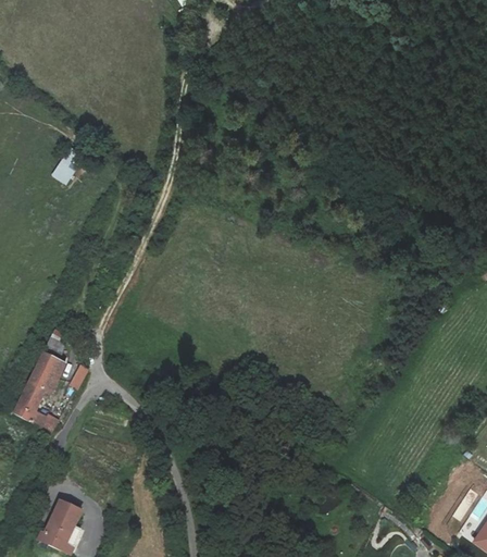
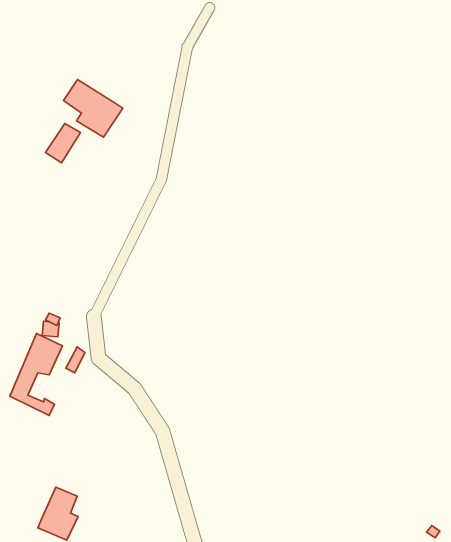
building: none -> [63,79,123,137]

